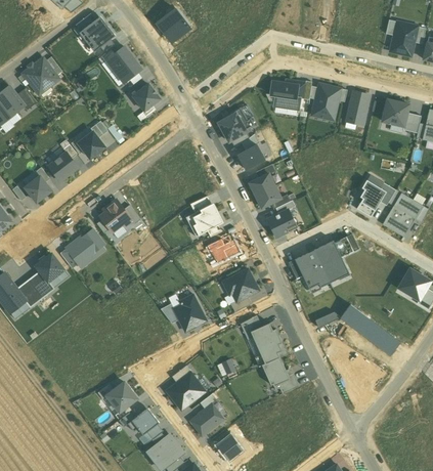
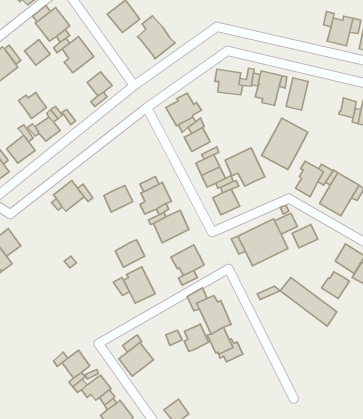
building: none -> [137,16,175,59]
building: none -> [25,40,50,65]
building: [383,99,409,126] -> none
building: none -> [19,93,47,119]
building: none -> [262,118,308,169]
building: none -> [225,148,265,186]
building: none -> [104,185,133,212]
building: [69,228,105,267] -> none
building: none -> [292,224,318,248]
building: none -> [115,240,145,267]
building: none -> [322,272,349,299]
building: none -> [184,324,208,351]
building: [190,403,224,435] -> none

